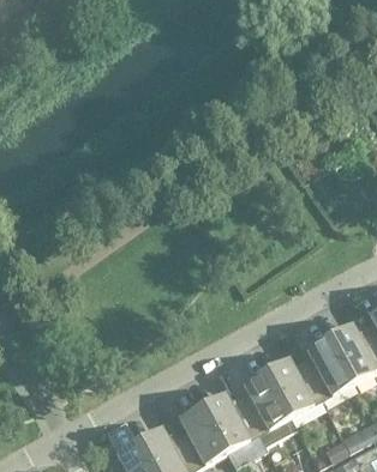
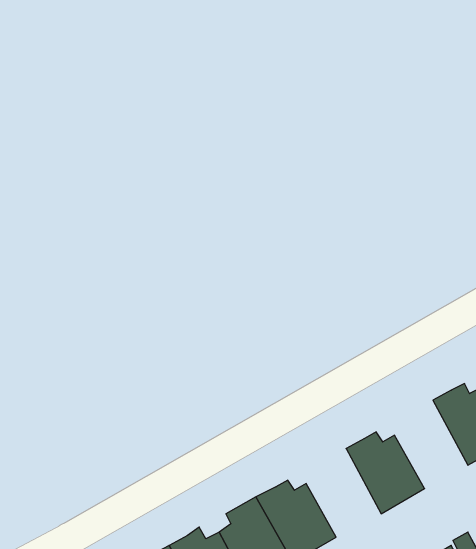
building: [300,335,353,399] -> none
building: [237,370,291,434] -> none

